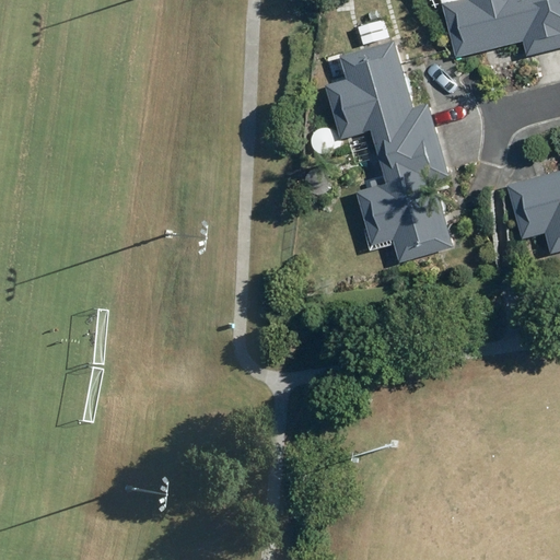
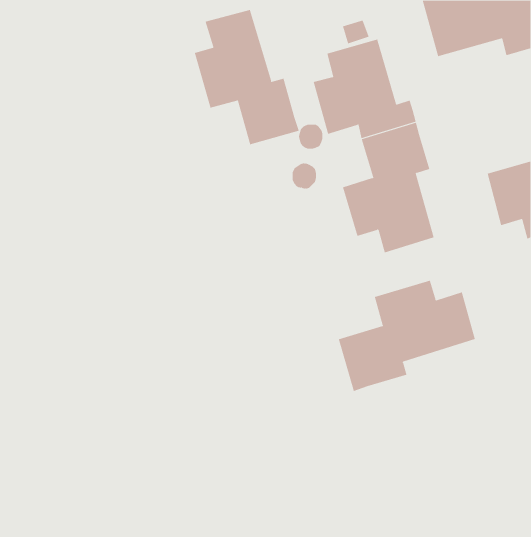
building: none -> [194,9,299,145]
building: none -> [338,280,476,392]

